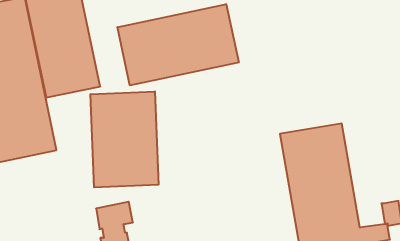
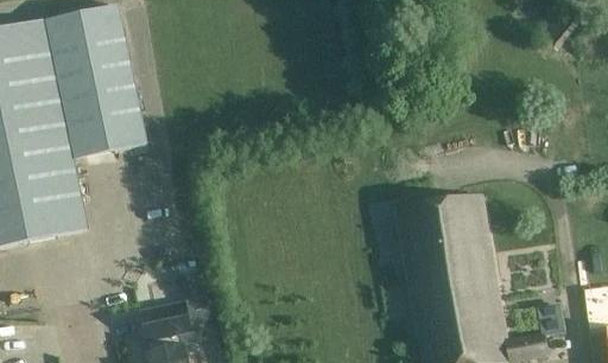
building: [117,4,239,85] -> none
building: [91,91,158,187] -> none

